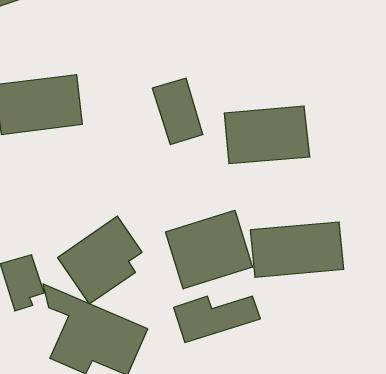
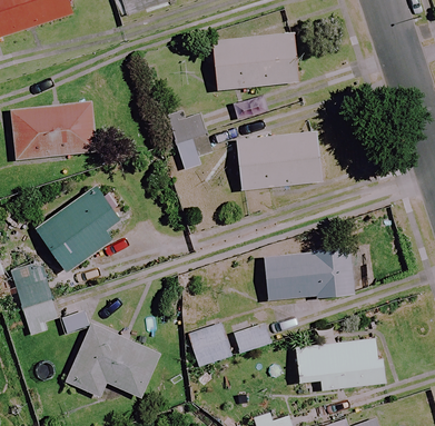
building: none -> [212,33,299,91]
building: [166,210,252,289] -> none
building: [58,216,142,304] -> [36,186,119,273]
building: none -> [296,338,382,390]

